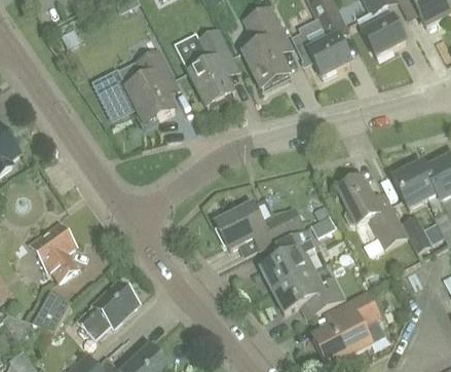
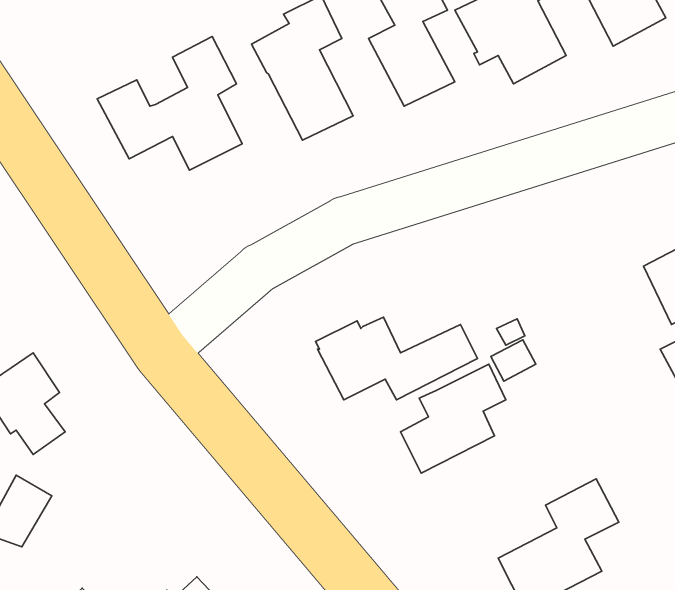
building: [338,176,406,247] -> none
building: [272,269,344,313] -> none
building: [78,281,140,332] -> none

